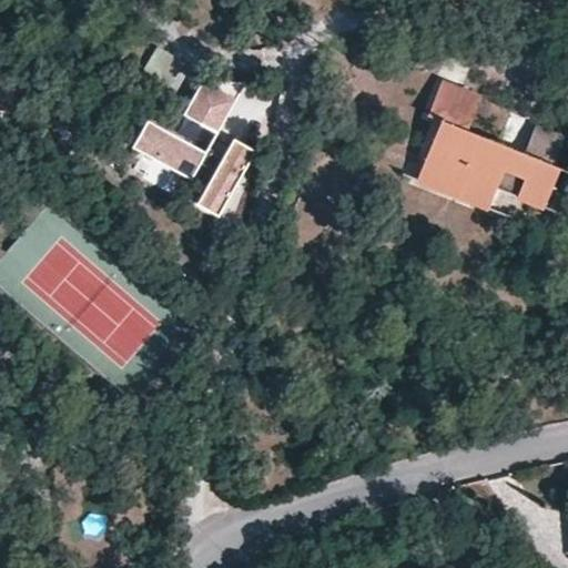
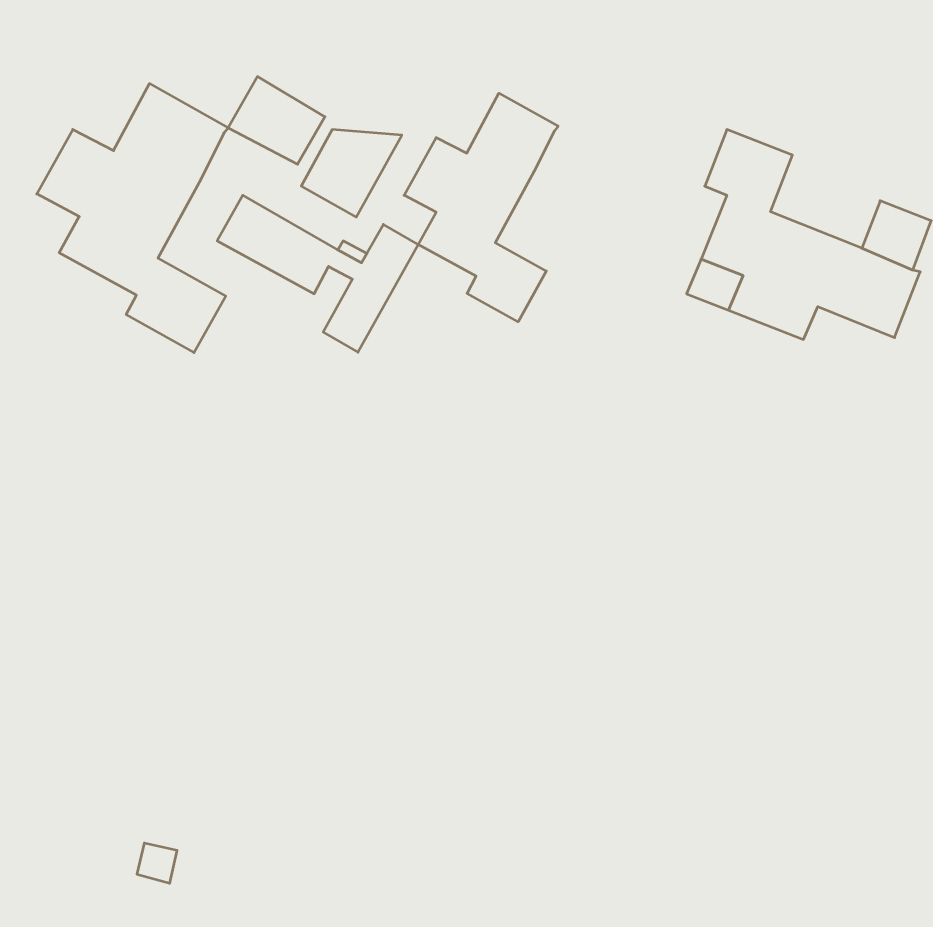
building: none -> [37,84,228,353]
building: none -> [404,93,558,322]

